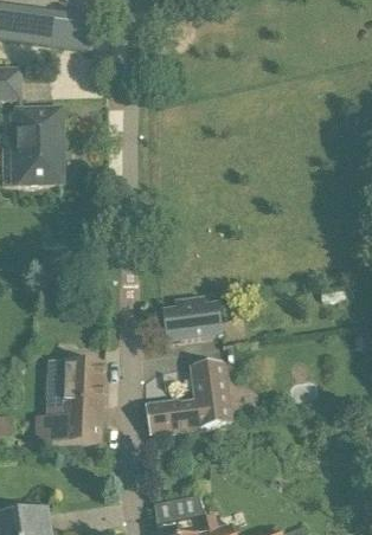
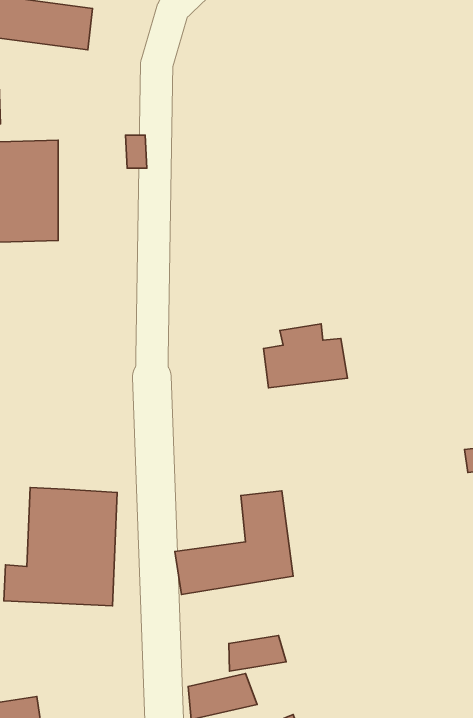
building: [162,295,223,341] -> [263,324,347,388]
building: none -> [229,635,286,671]

